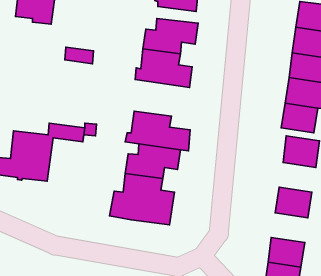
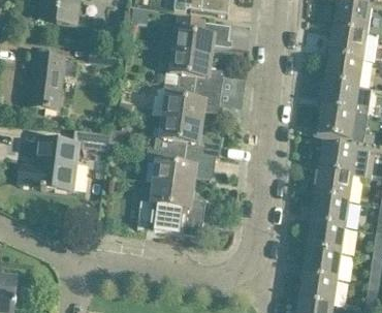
building: none -> [28,54,78,108]
building: none -> [163,84,221,122]
building: none -> [315,170,353,201]
building: none -> [307,223,345,254]

